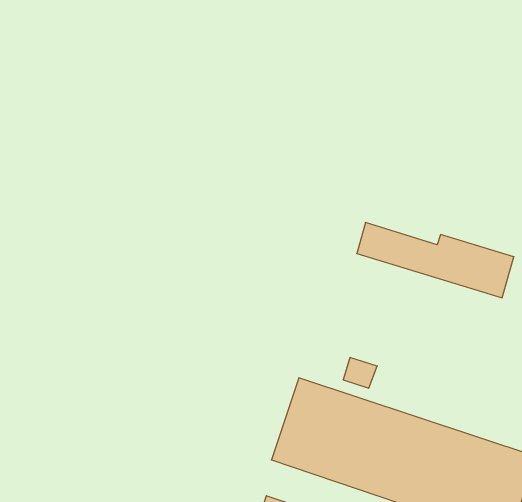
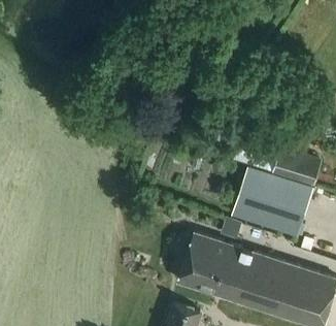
building: none -> [231,167,312,237]

